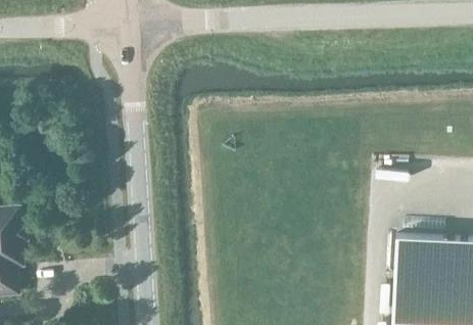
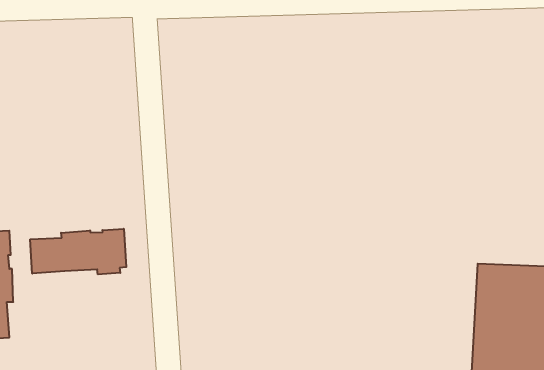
building: none -> [30,229,126,274]

